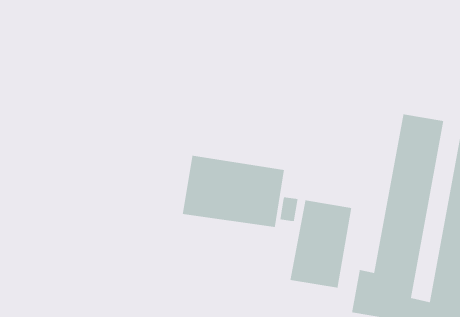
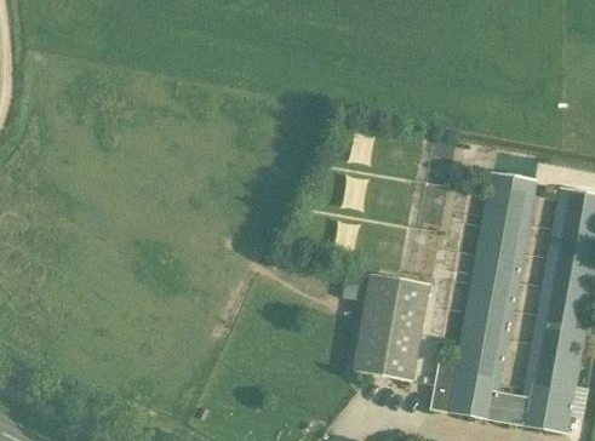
building: [182,155,285,228] -> none

